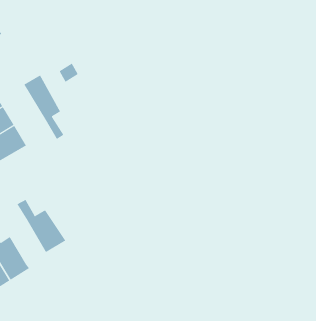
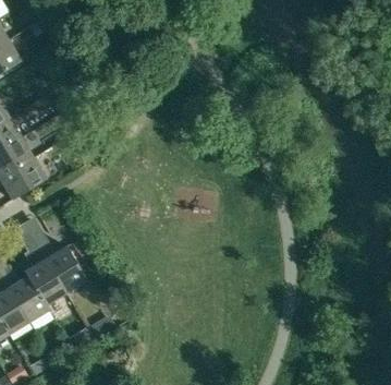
building: [24,74,64,140] -> none
building: none -> [24,241,65,304]

